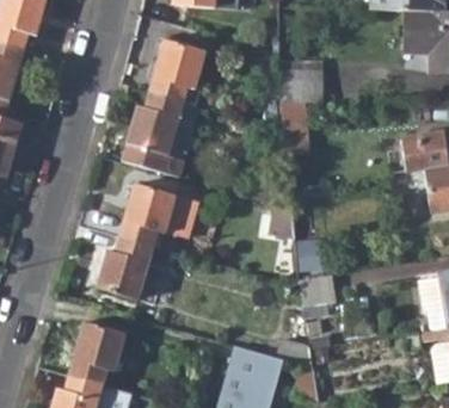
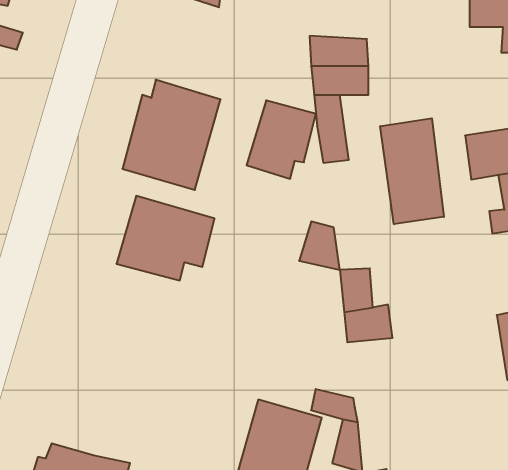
building: [152,41,207,103] -> [247,100,316,179]
building: none -> [380,118,444,224]
building: [98,237,171,301] -> none
building: [69,324,125,389] -> none

